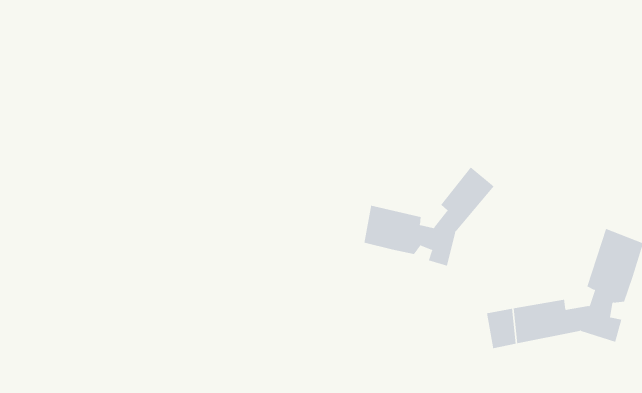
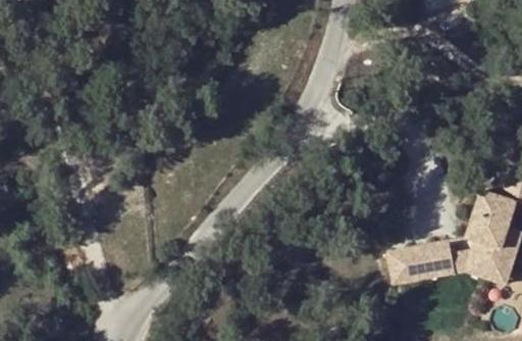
building: [364,167,494,266] -> none

